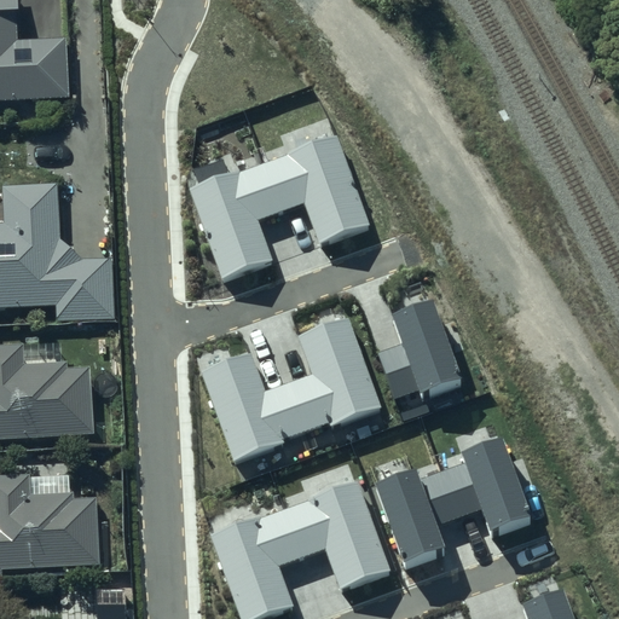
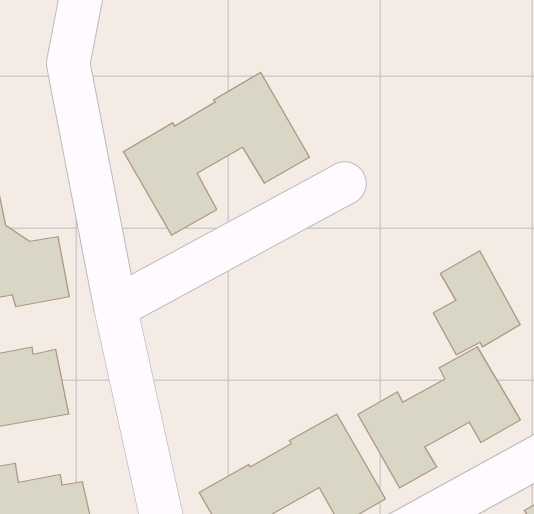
building: [378,300,462,398] -> [433,251,520,355]
building: [199,316,381,459] -> none

